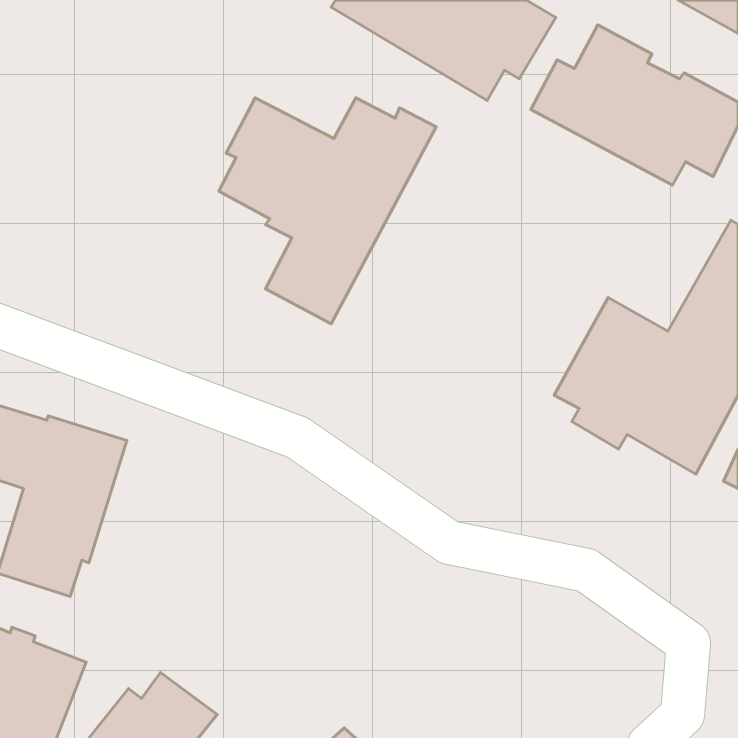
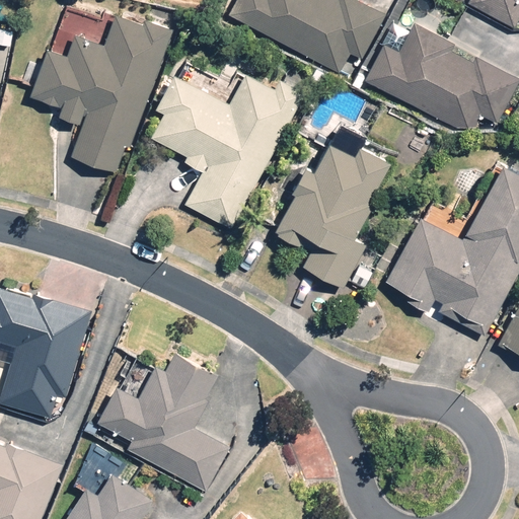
building: none -> [30,14,171,171]
building: none -> [277,136,394,288]
building: none -> [98,351,230,492]

